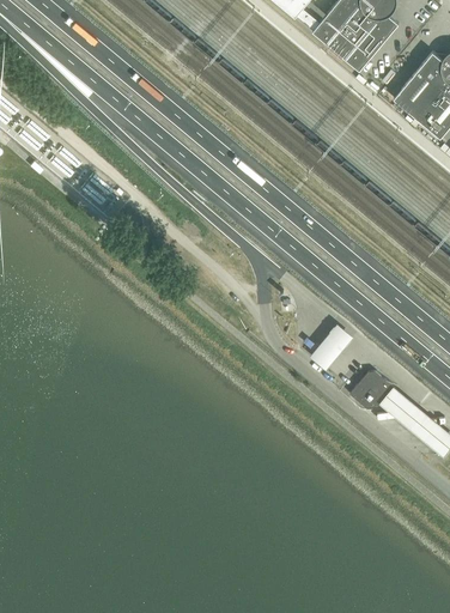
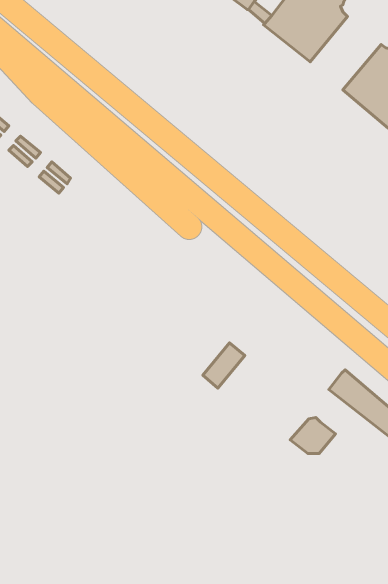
building: [310,322,353,369] -> [203,343,245,388]
building: [348,371,395,408] -> [290,418,336,454]

